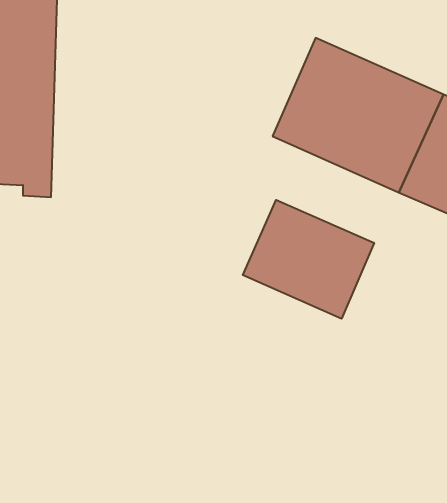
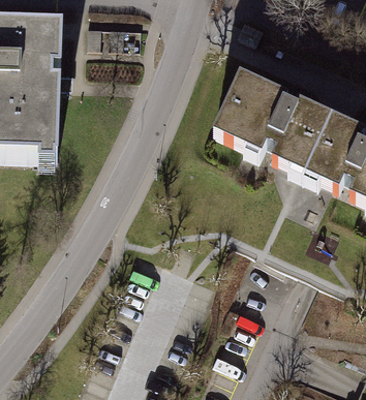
building: [243,200,374,319] -> none

